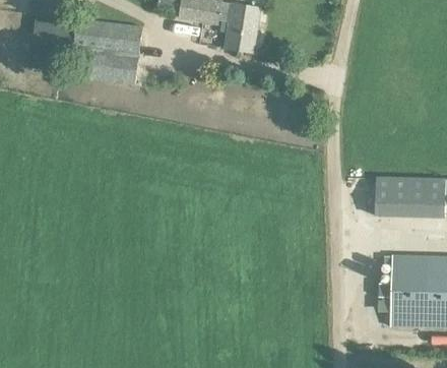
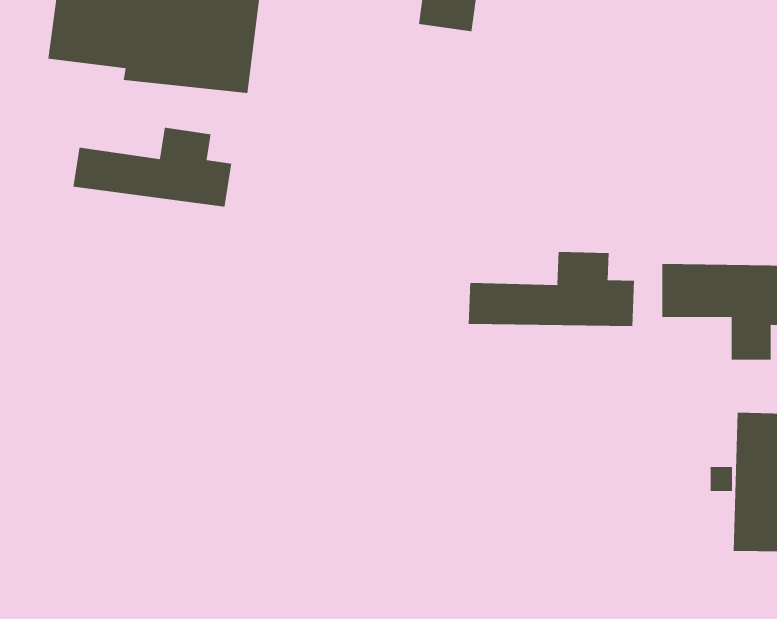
building: none -> [73,127,232,208]
building: none -> [468,251,635,327]

